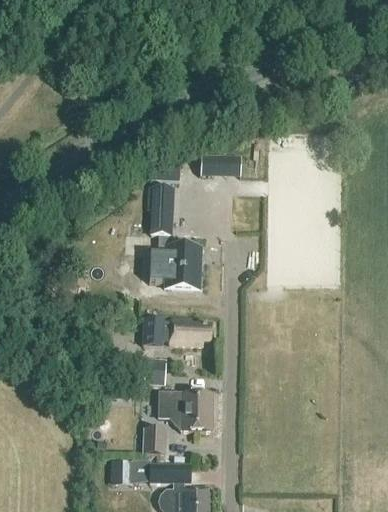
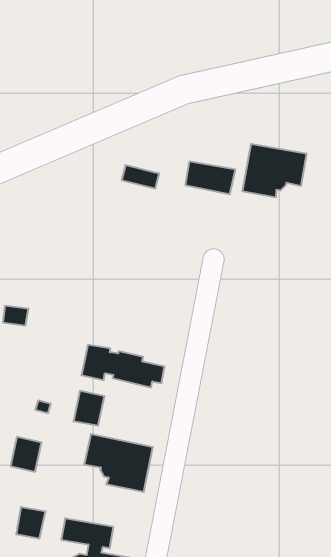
building: none -> [243,144,306,197]
building: [148,186,203,288] -> none
building: [143,427,165,453] -> [11,437,42,472]

